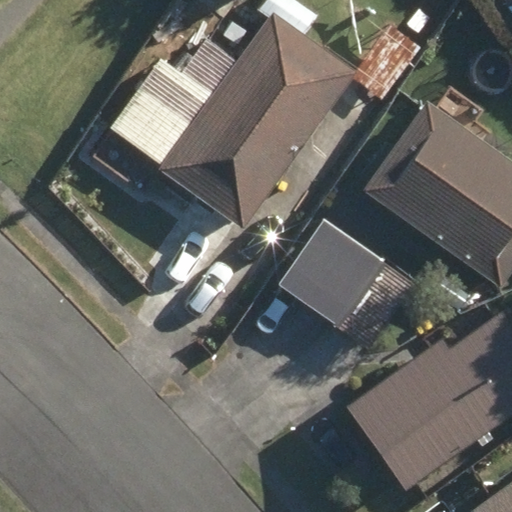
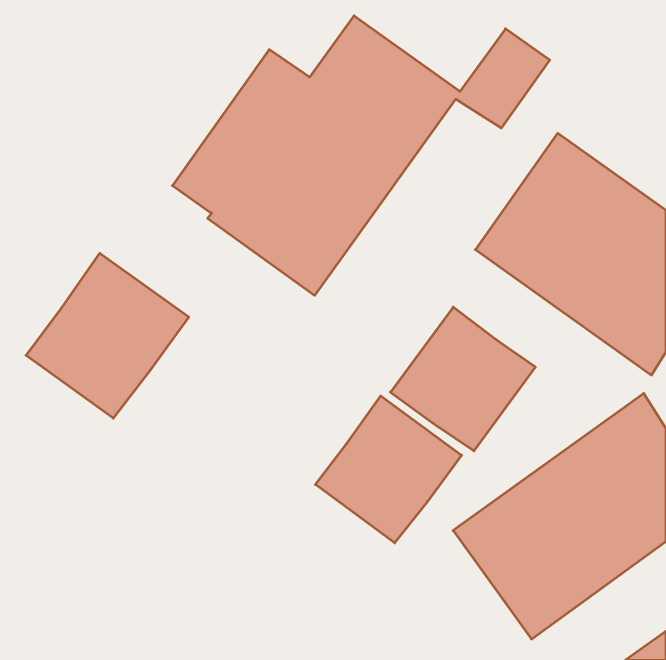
building: none -> [26,253,189,418]
building: none -> [315,396,462,543]

